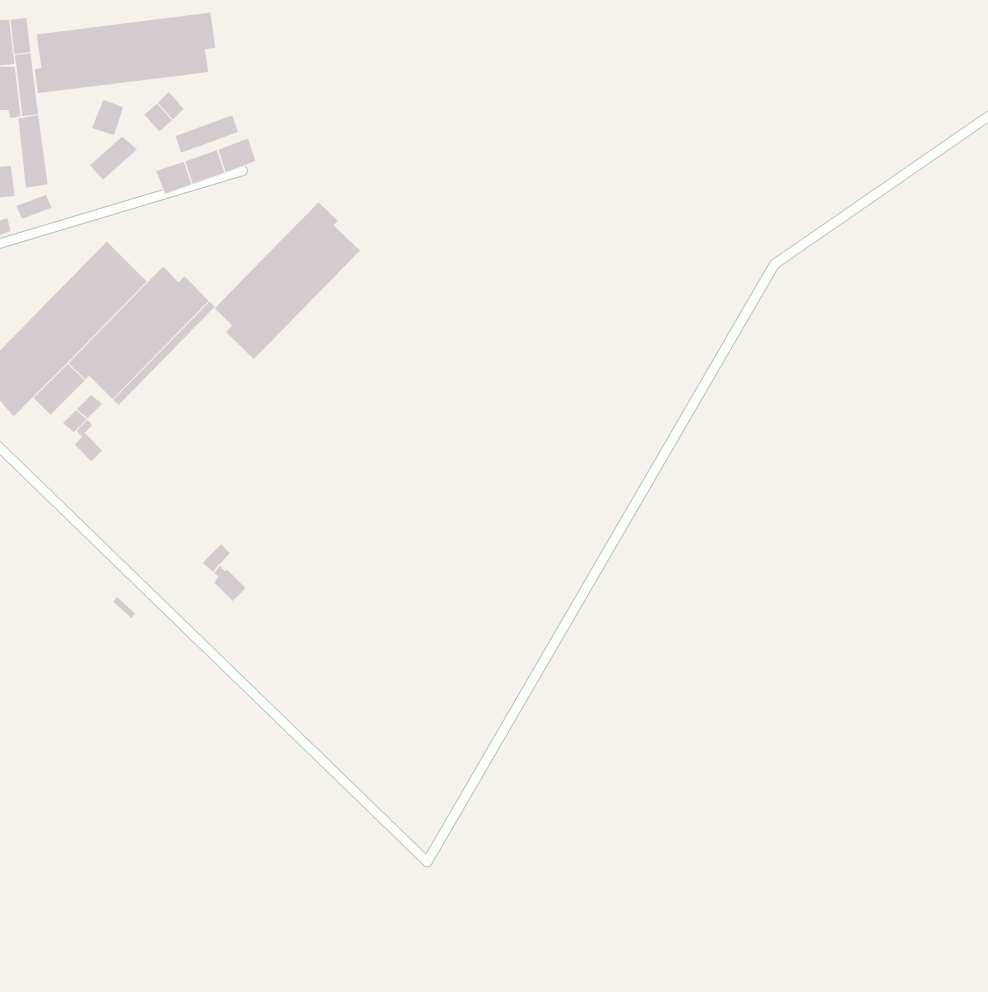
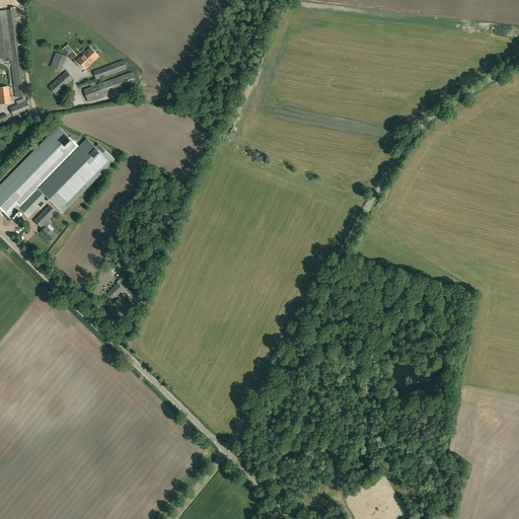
building: [34,12,216,94] -> none
building: [214,202,361,360] -> none

